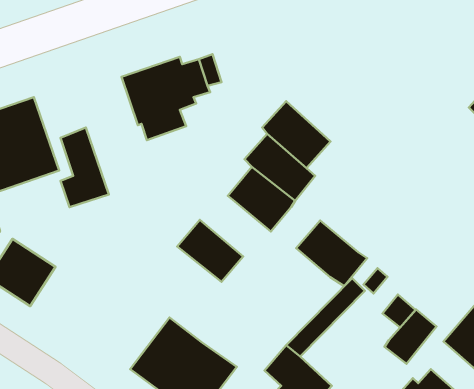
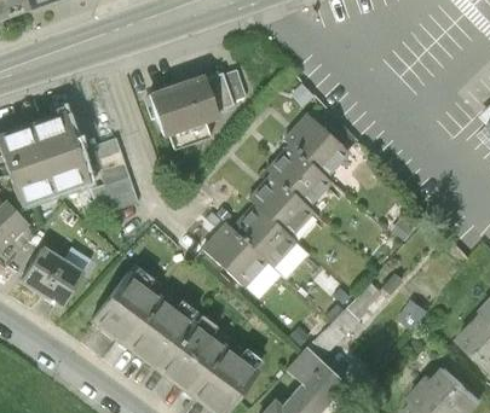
building: [296,220,367,286] -> [232,208,300,271]
building: none -> [93,273,195,370]
building: [384,309,436,364] -> none

